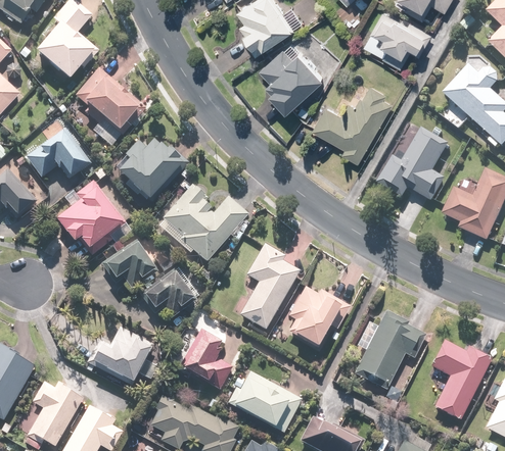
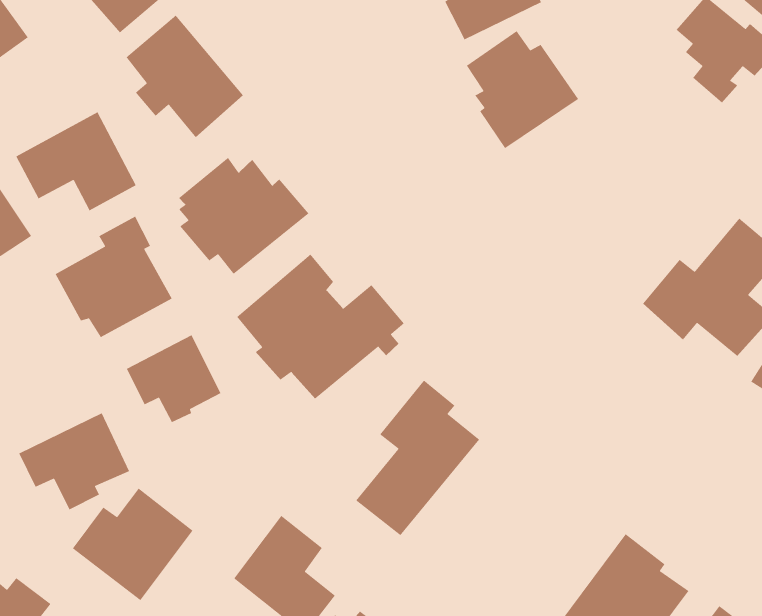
building: [313,81,393,161] -> none
building: [138,264,200,320] -> [18,412,130,510]
building: [281,286,353,351] -> none

